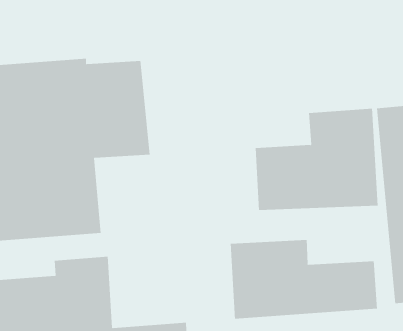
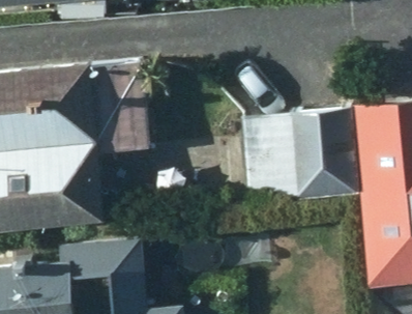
building: [230,239,377,319] -> none

